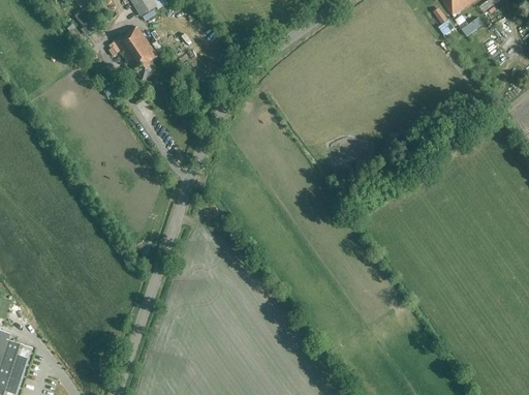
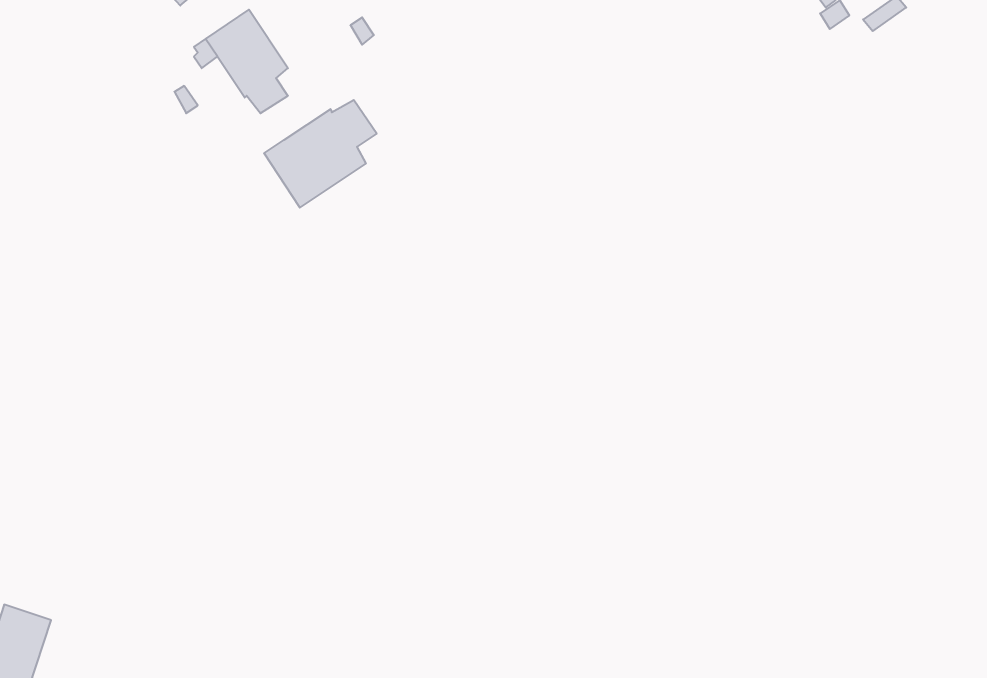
building: none -> [264,100,377,208]

